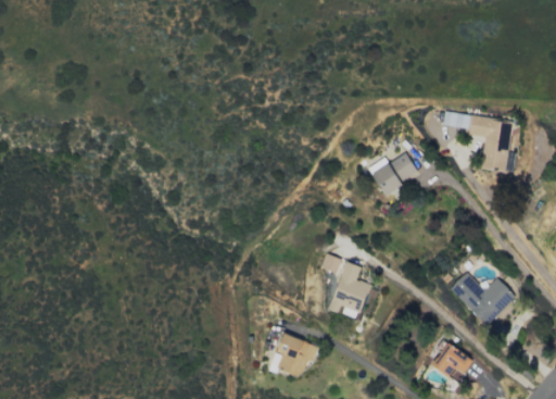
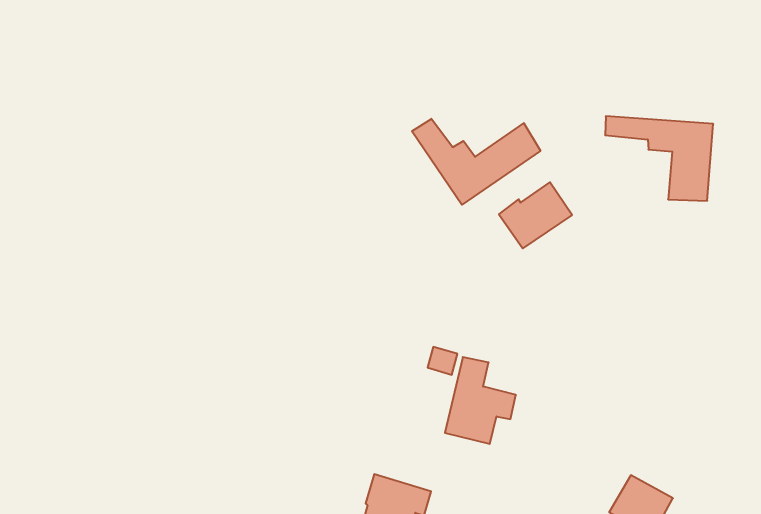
building: none -> [412,119,540,205]
building: [448,272,515,325] -> none

